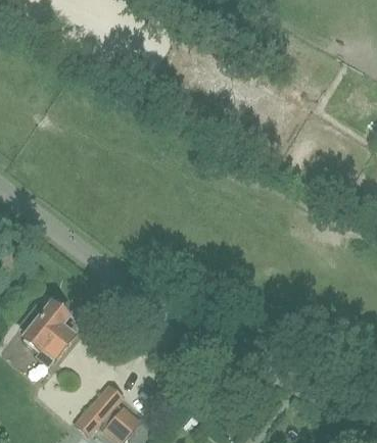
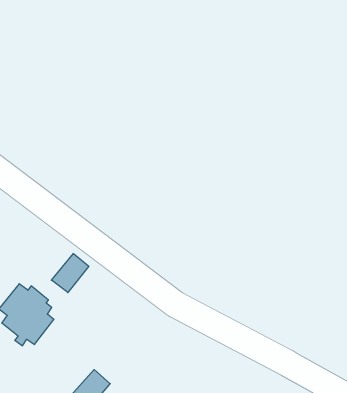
building: none -> [51,254,89,293]

